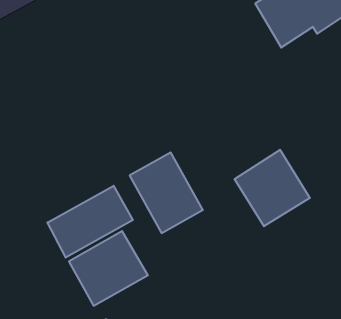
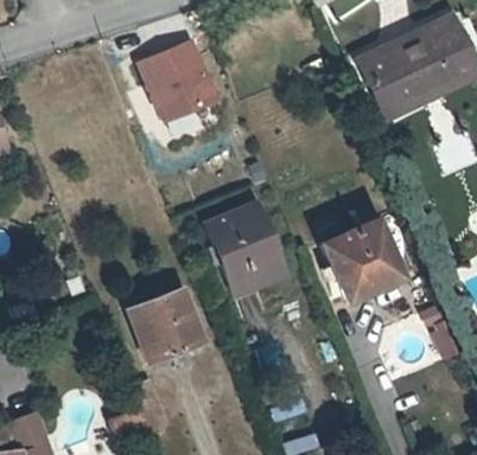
building: none -> [138,40,217,123]
building: [47,186,133,258] -> none

